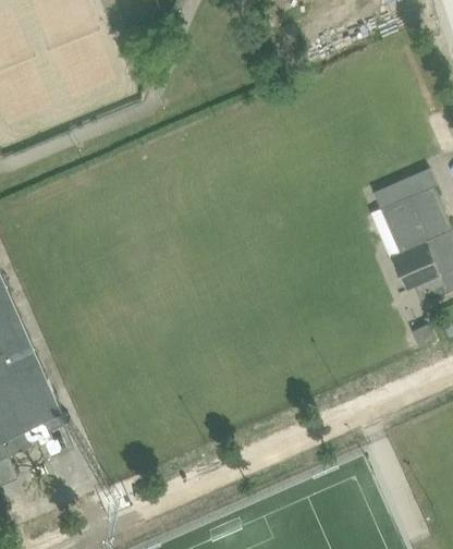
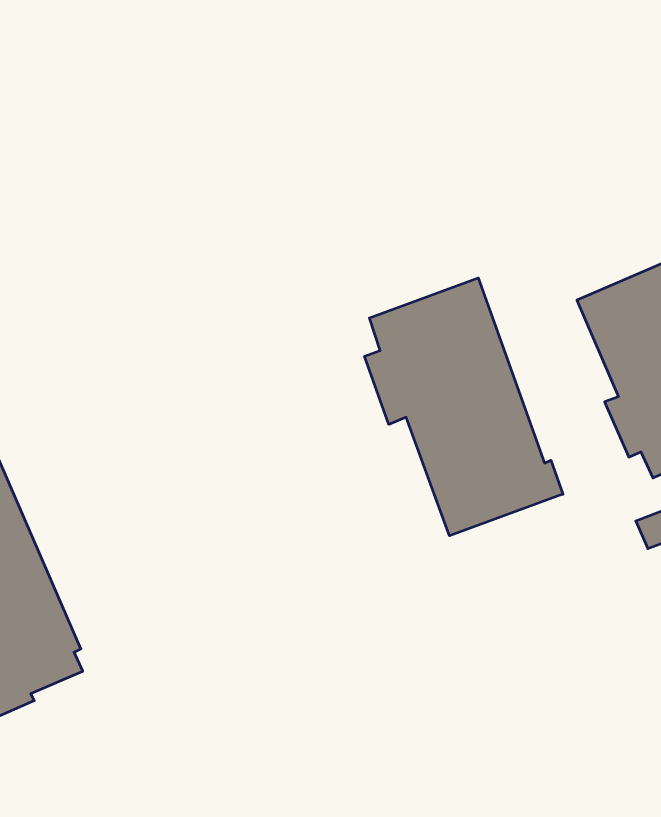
building: none -> [365,278,563,536]

